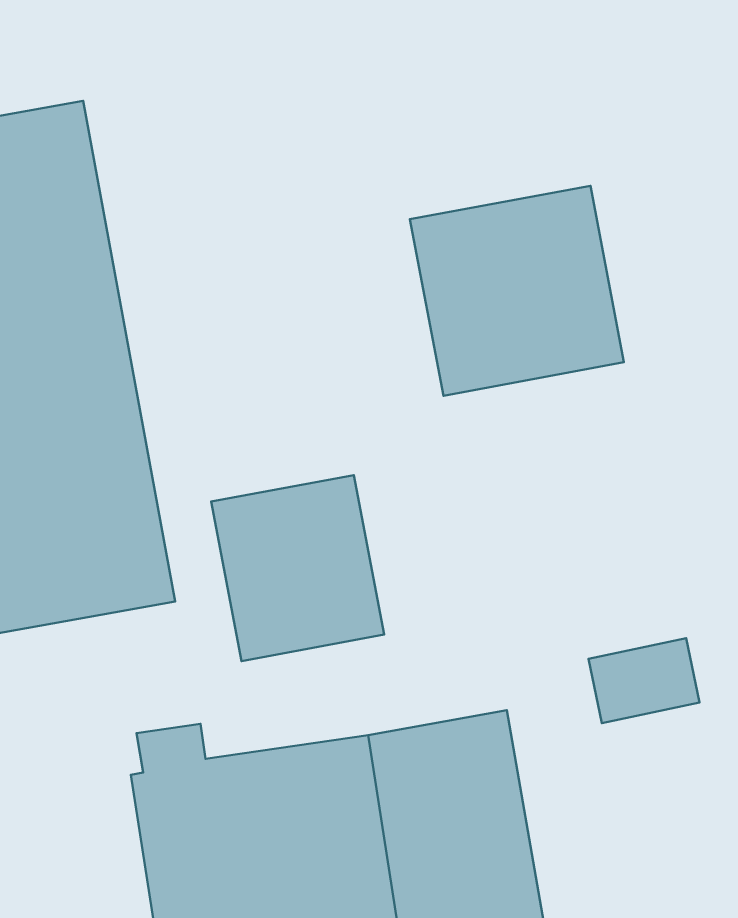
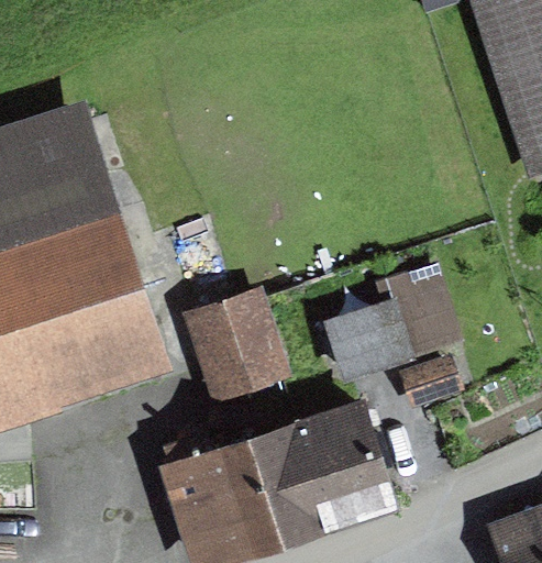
building: [410,186,624,396] -> none
building: none -> [322,262,464,384]

